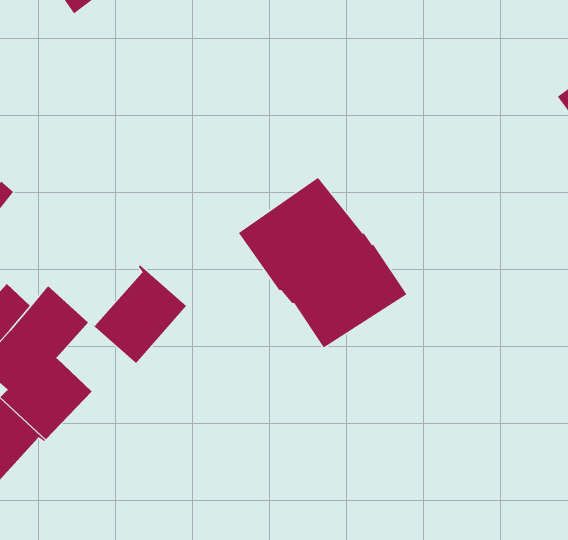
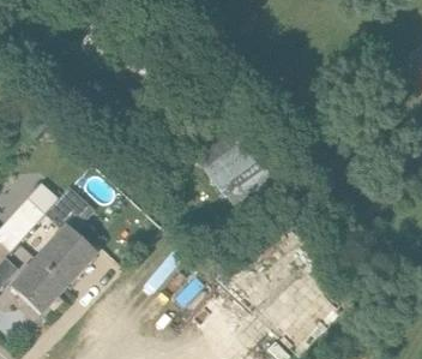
building: [89,264,187,364] -> none

